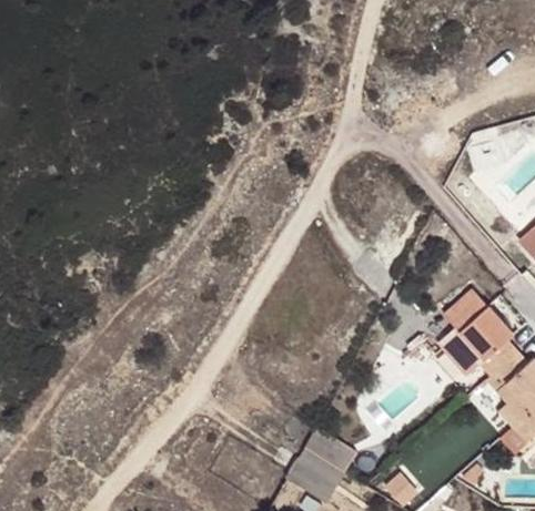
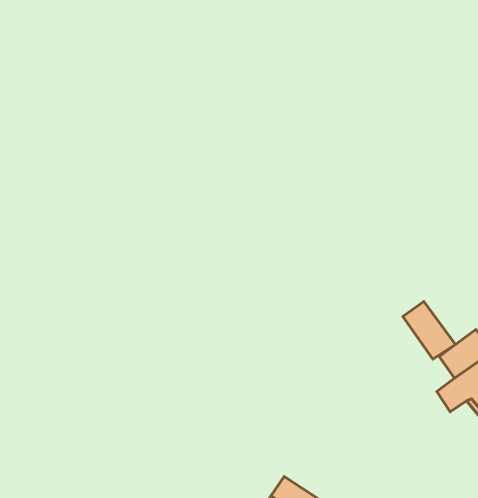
building: none -> [403,301,455,359]

